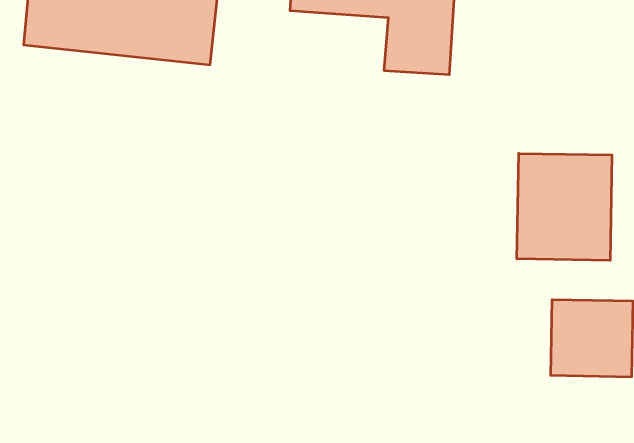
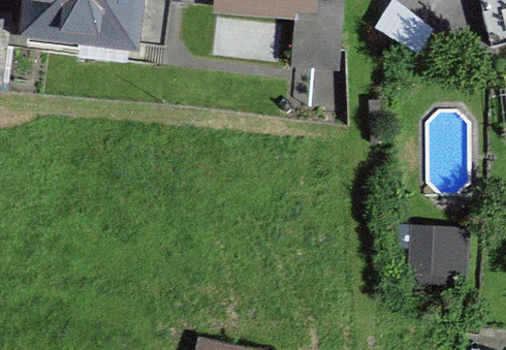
building: [517,153,612,260] -> none

